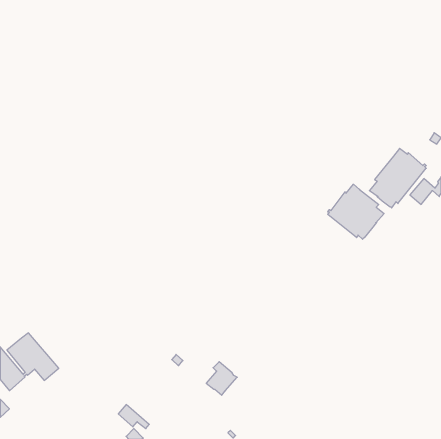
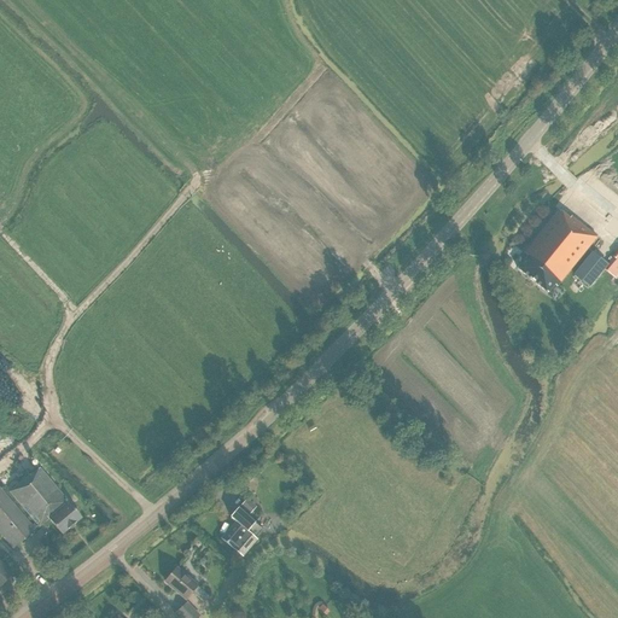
building: [328,184,384,239] -> none
building: [206,362,237,395] -> [221,507,264,554]

